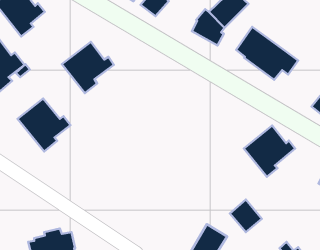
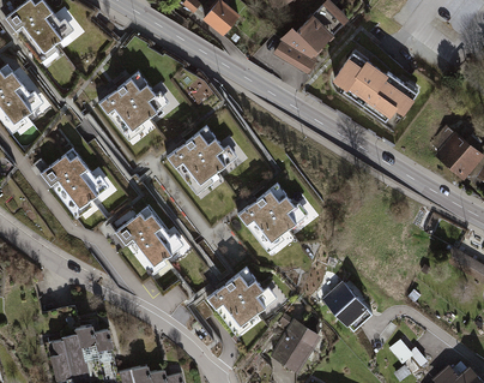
building: none -> [167,125,237,192]
building: [244,126,295,177] -> [237,181,307,251]
building: none -> [113,204,181,276]
building: none -> [207,267,277,334]

